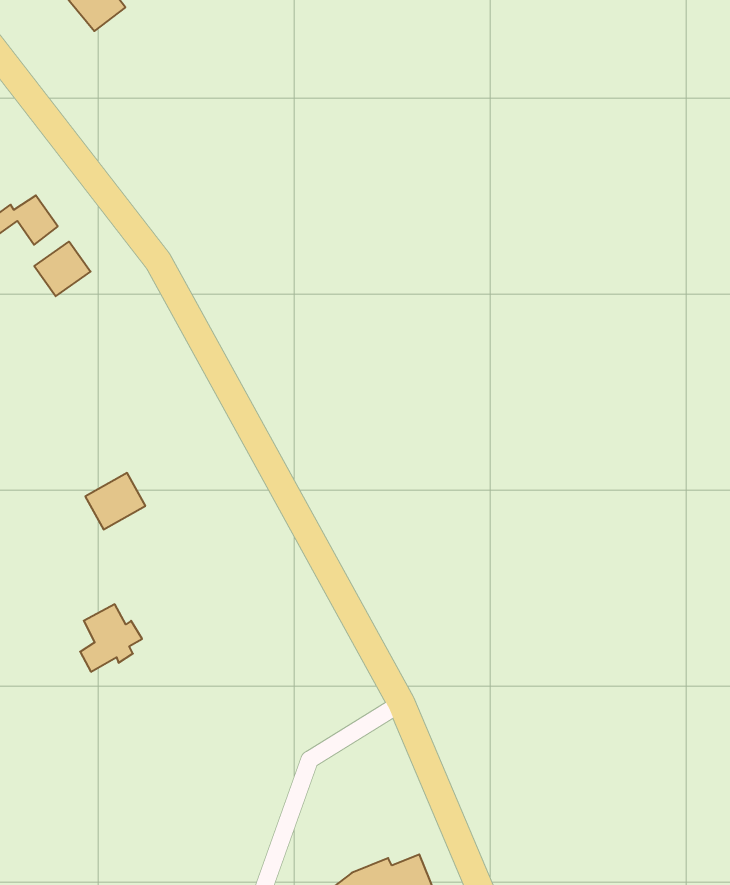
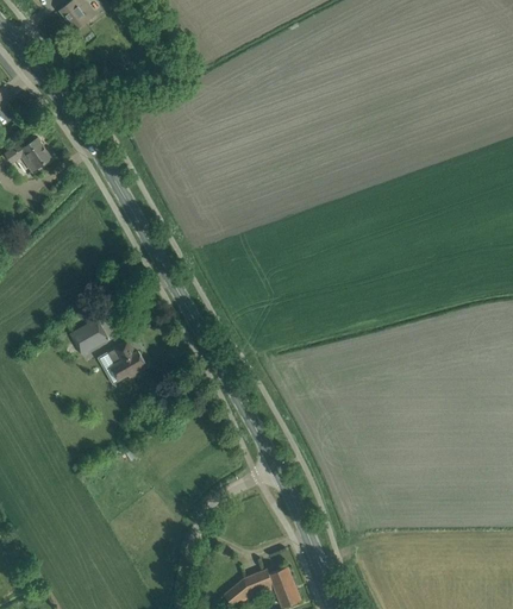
building: [34,242,91,296] -> none
building: [80,604,142,672] -> [105,341,145,385]

